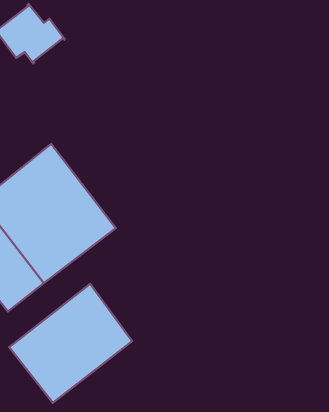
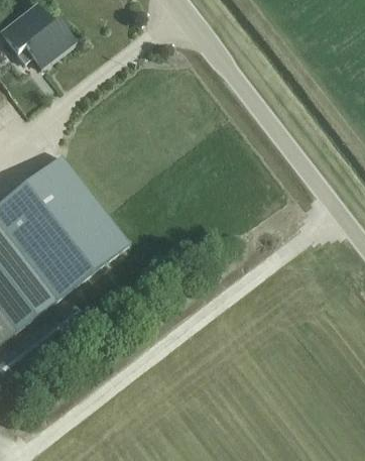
building: [9,284,132,403] -> none

